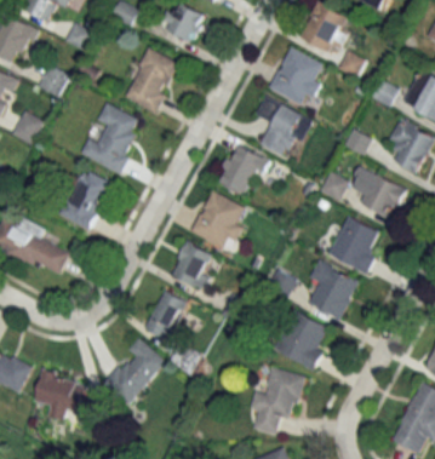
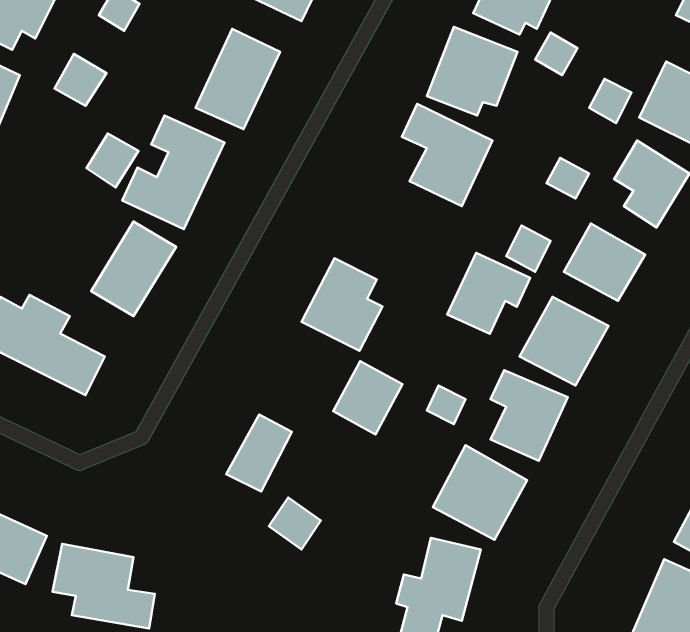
building: [10,110,42,144] -> [86,134,139,188]
building: [216,143,268,194] -> [447,253,530,334]
building: [170,241,213,287] -> [333,361,403,434]
building: [103,337,165,402] -> none

